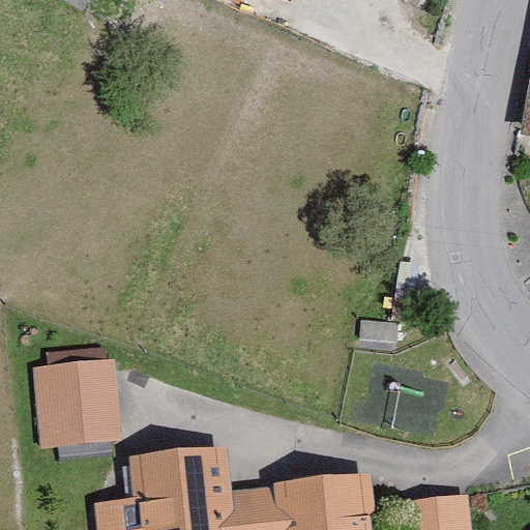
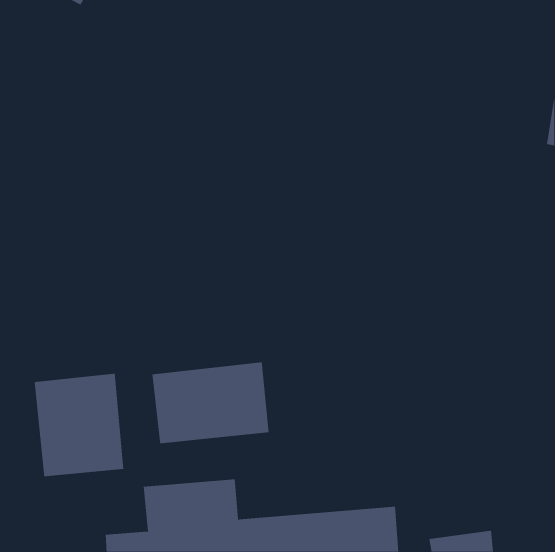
building: none -> [152,361,269,444]

